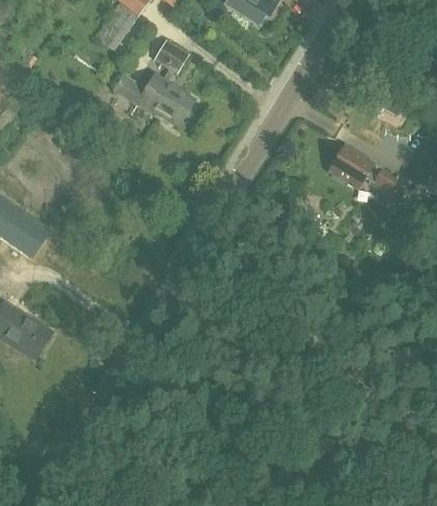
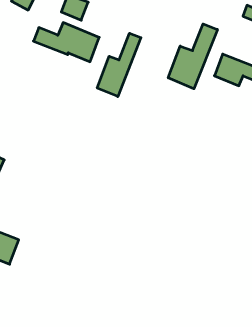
building: none -> [97,33,141,97]
building: none -> [168,24,217,89]

